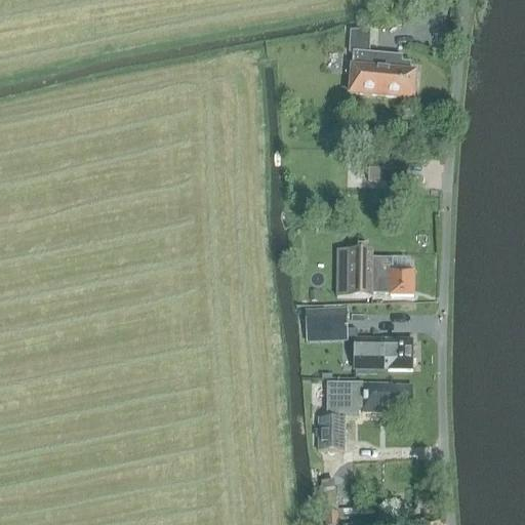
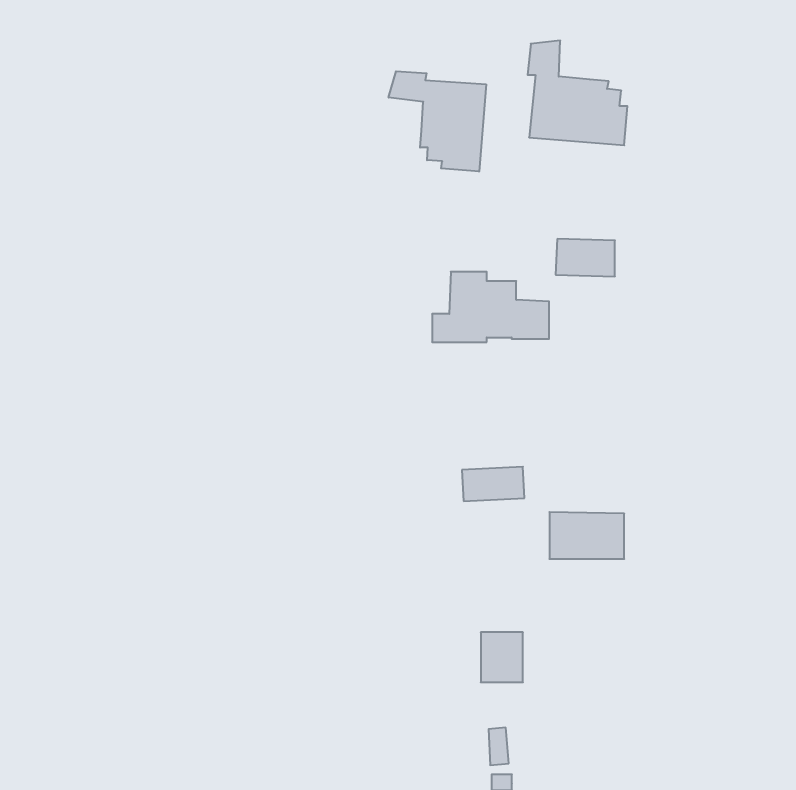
building: none -> [389,71,486,172]
building: [334,248,411,294] -> [432,272,549,342]
building: [329,380,410,410] -> none

